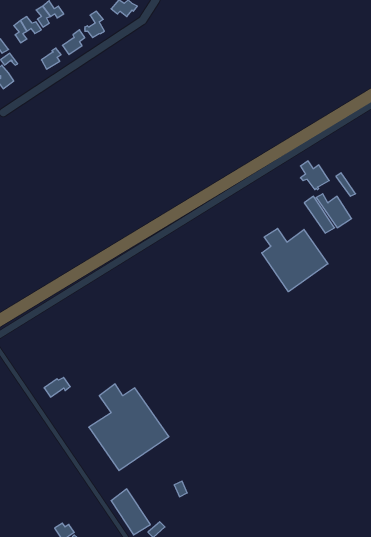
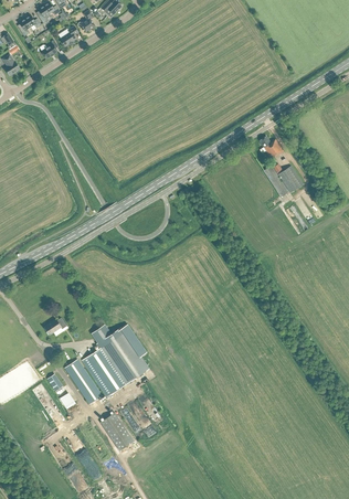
building: [262,228,328,292] -> none
building: none -> [65,359,103,404]

